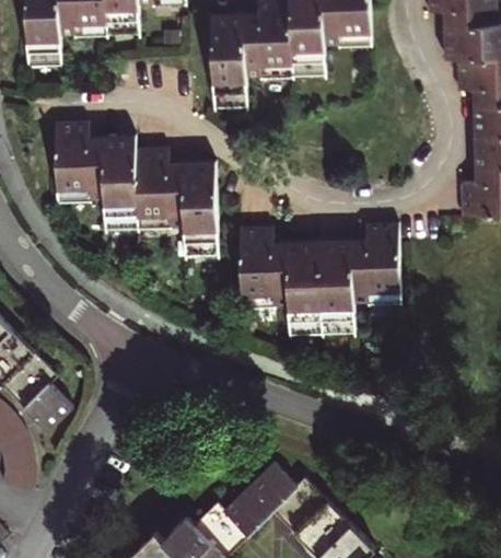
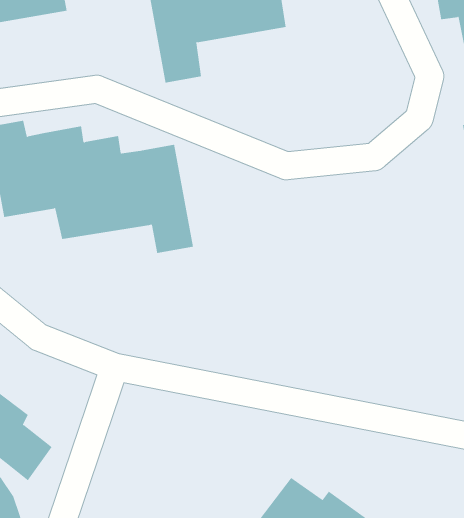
building: [241,222,400,334] -> none

